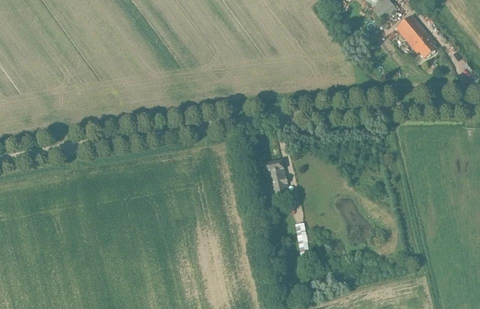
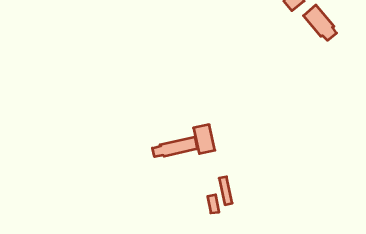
building: none -> [152,137,197,157]

